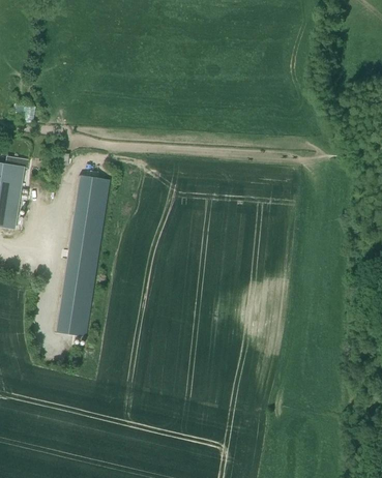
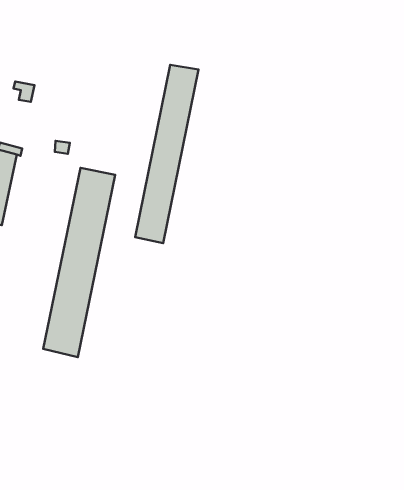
building: none -> [135,65,199,243]

